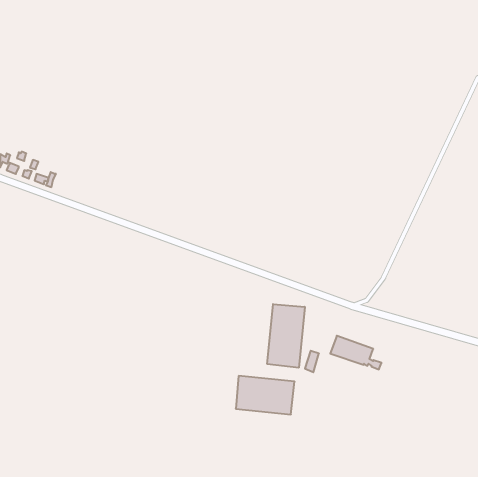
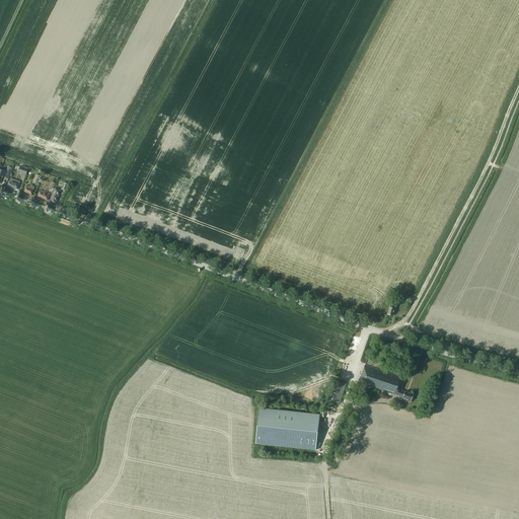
building: [267,304,305,368] -> none

